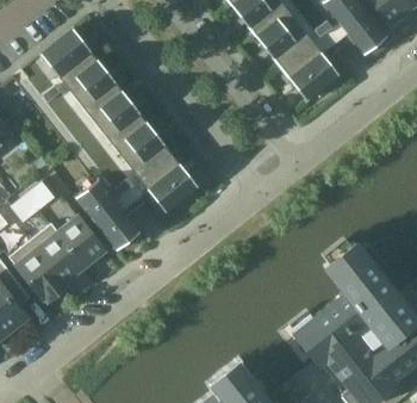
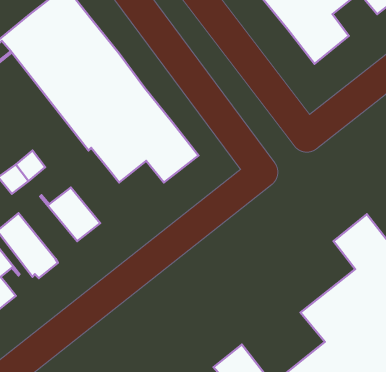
building: [76,179,139,249] -> none
building: [30,224,85,283] -> none

